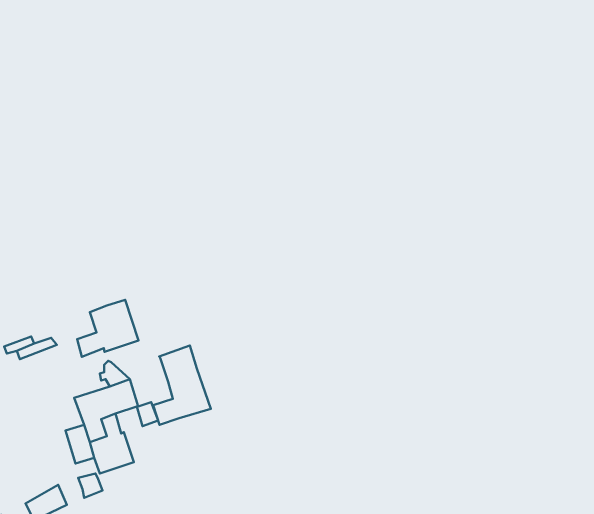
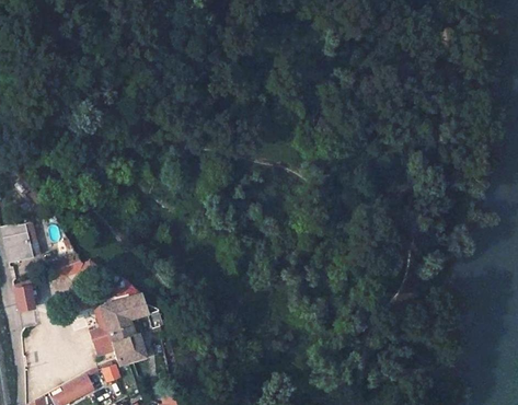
building: [77,300,139,357] -> none
building: [153,346,211,425] -> none

